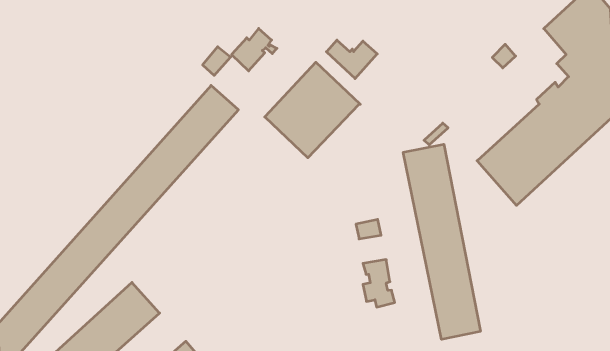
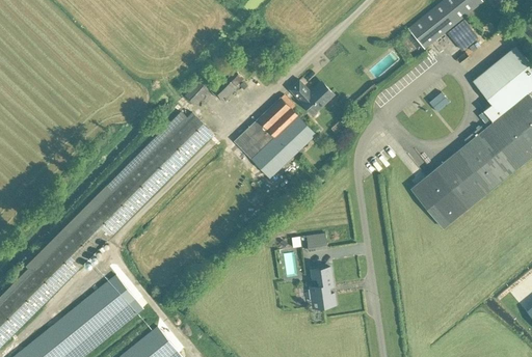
building: [403,144,480,339] -> none

